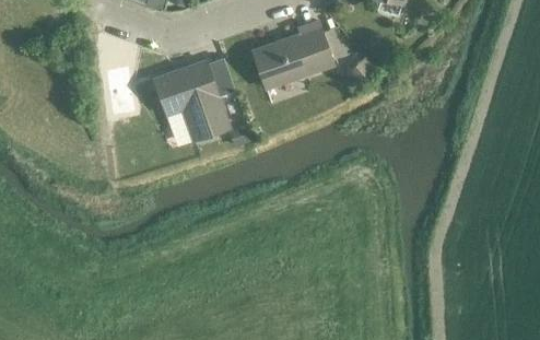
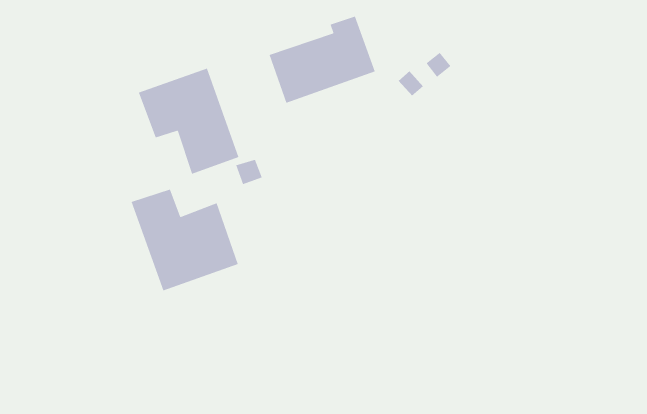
building: none -> [131,188,239,292]

